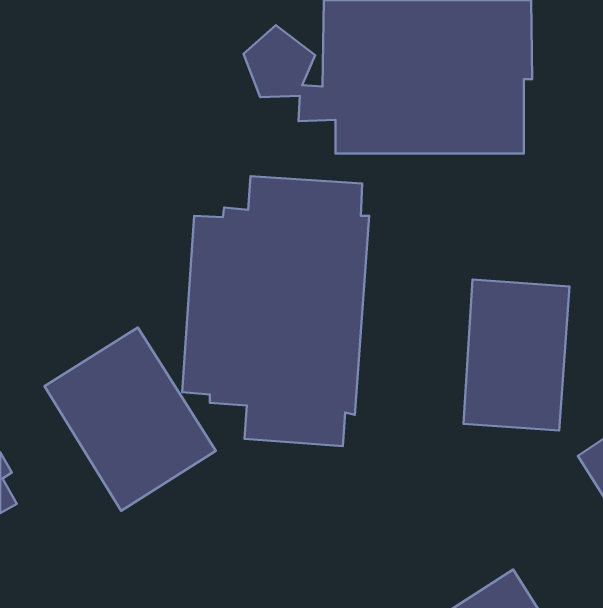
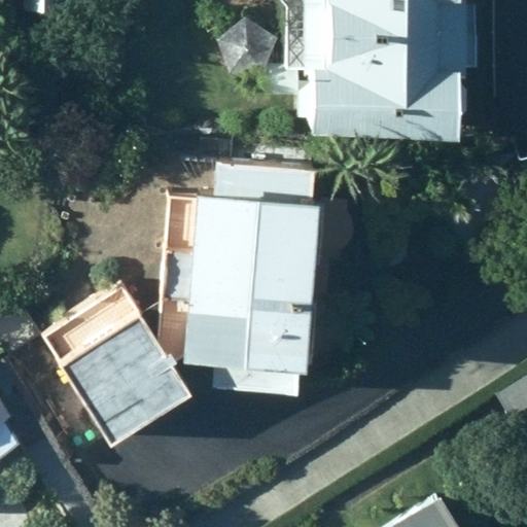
building: [464,279,570,431] -> none

